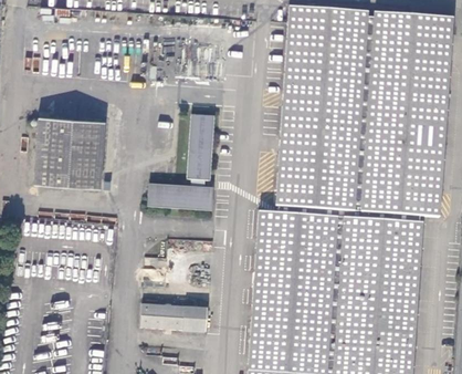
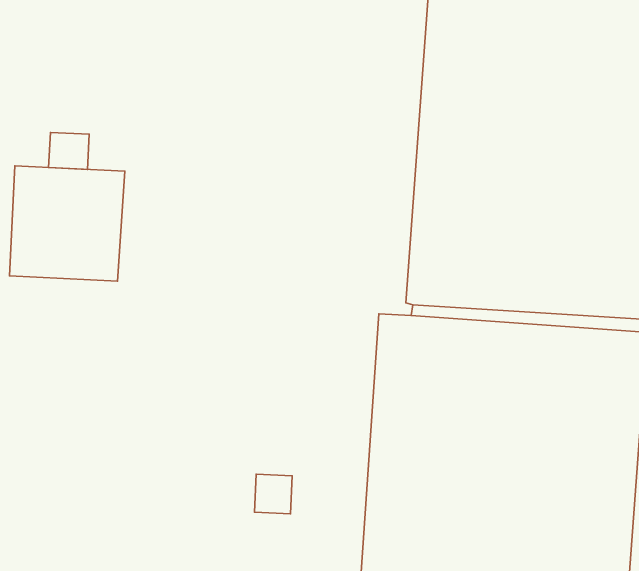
building: none -> [49,132,89,169]
building: [149,114,214,209] -> none
building: [139,305,183,332] -> none

